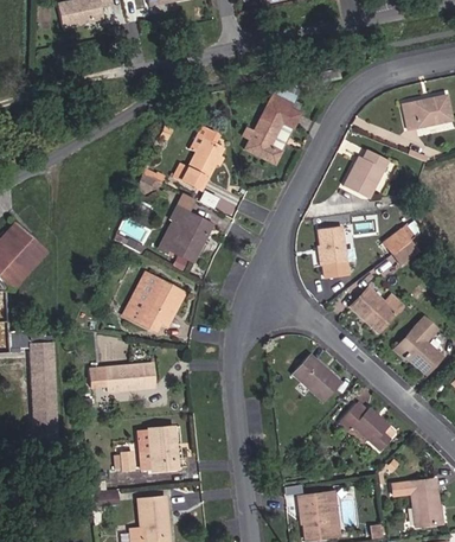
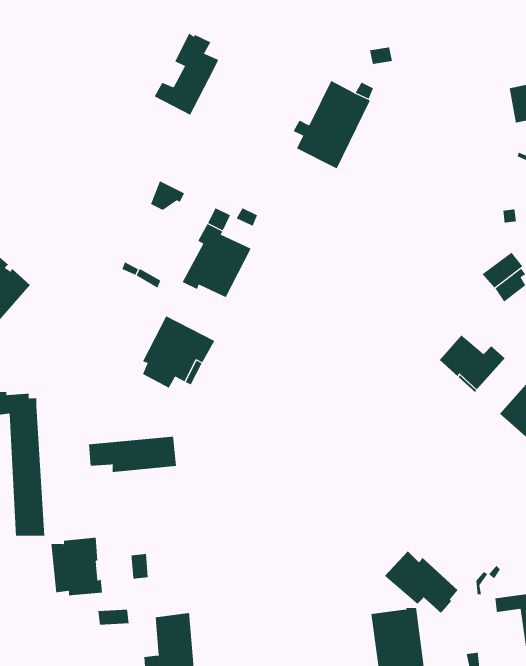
building: [174,127,223,189] -> [154,33,219,115]
building: [344,148,387,198] -> none
building: [319,225,347,278] -> none
building: [293,353,340,401] -> none
building: [339,402,395,449] -> [384,550,459,614]
building: [139,426,178,470] -> [51,537,103,596]

